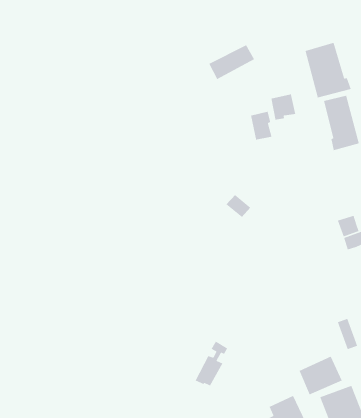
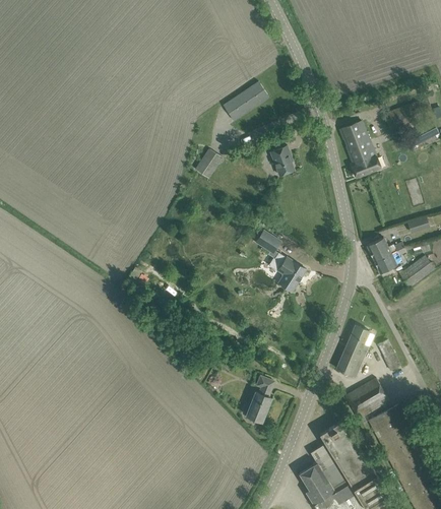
building: [304,42,352,98] -> none
building: [270,94,296,121] -> none
building: none -> [195,149,222,178]
building: none -> [269,253,306,292]
building: none -> [336,325,368,377]

